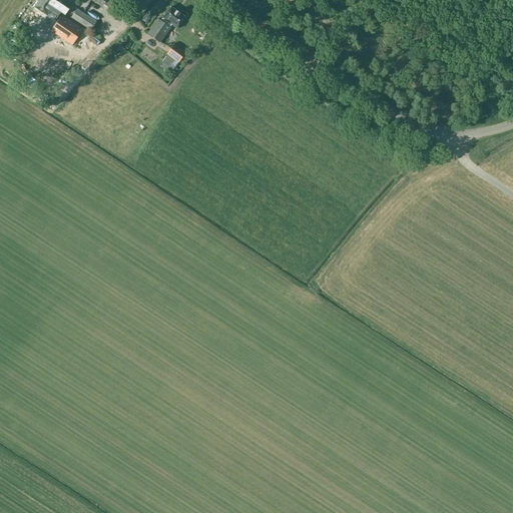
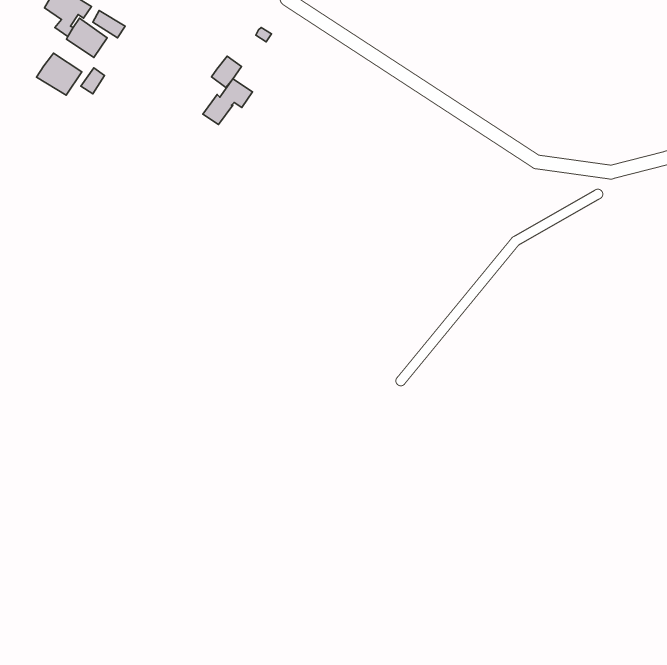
building: [147,6,185,41] -> [203,79,252,125]
building: none -> [37,53,82,95]

